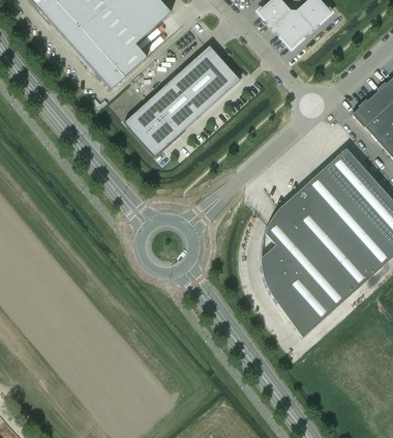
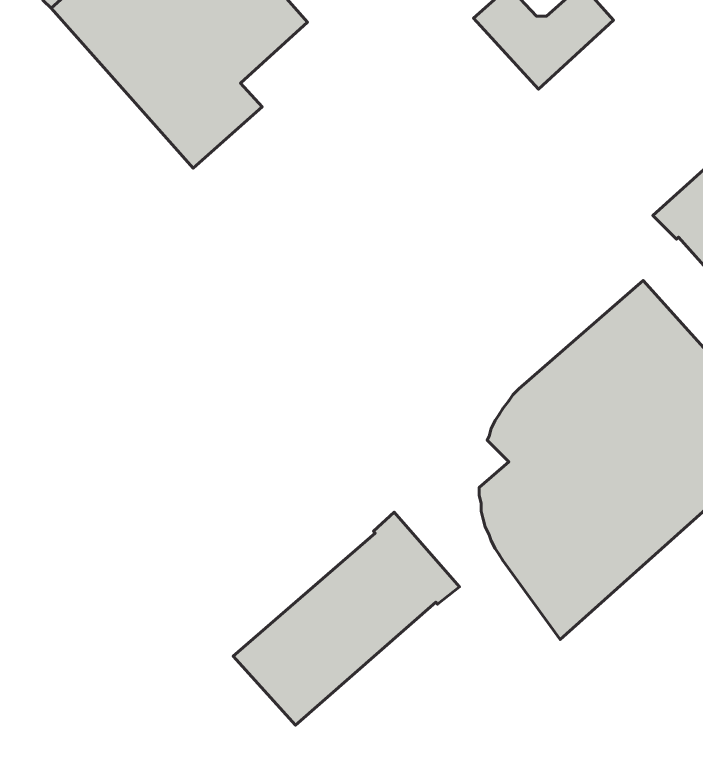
building: [124,45,240,155] -> none
building: none -> [233,512,459,725]

